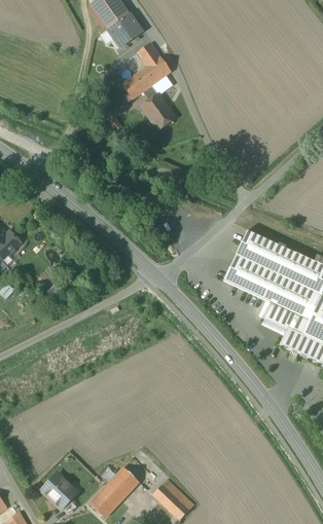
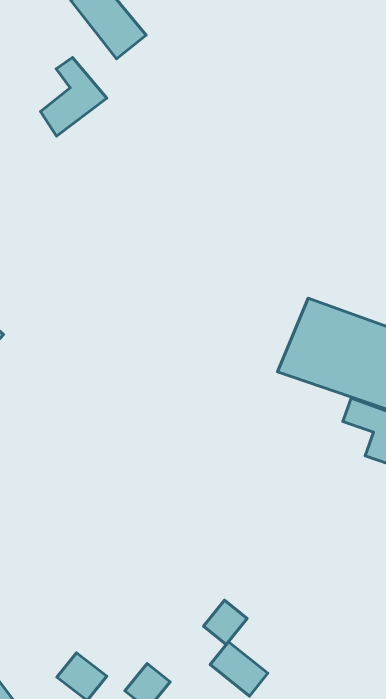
building: [122,46,171,102] -> [41,58,107,136]
building: [138,92,177,135] -> none
building: [109,466,141,498] -> [204,600,247,645]

